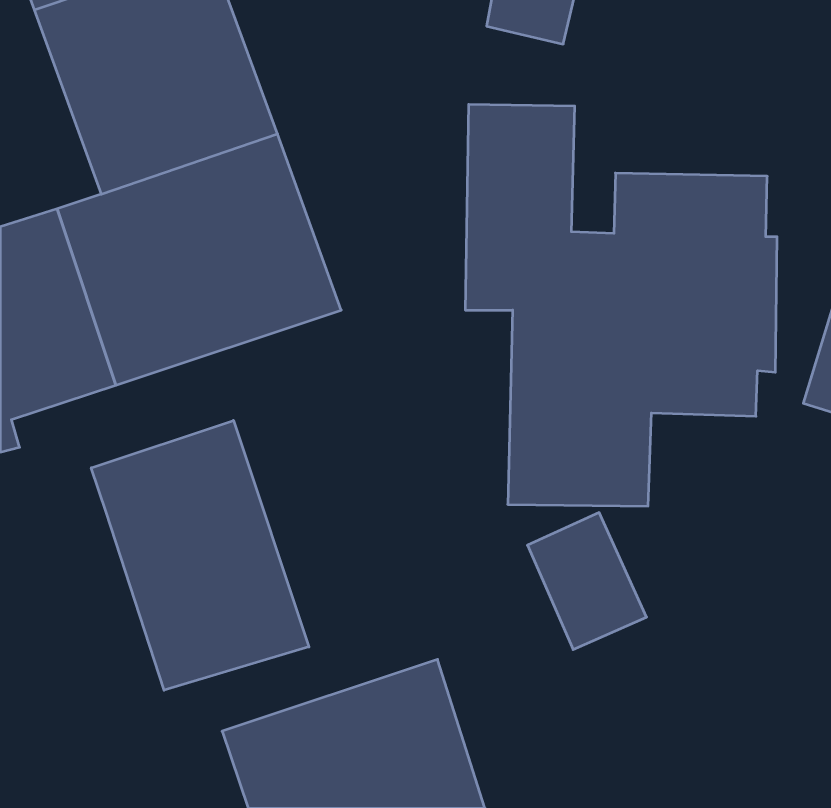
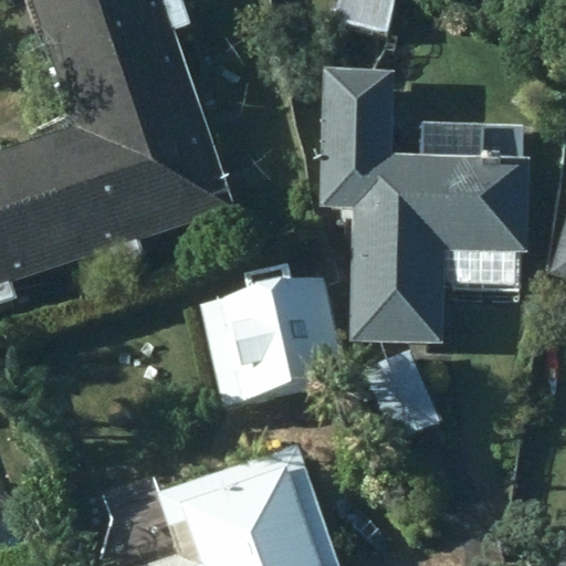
building: none -> [200,277,343,398]
building: [91,420,309,690] -> none

